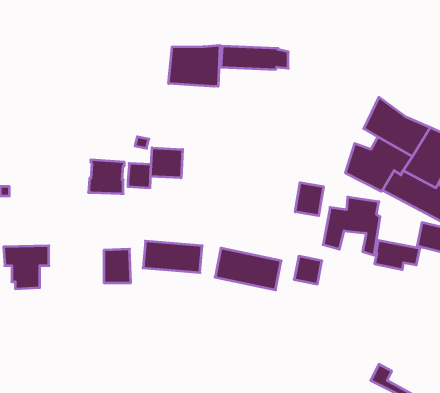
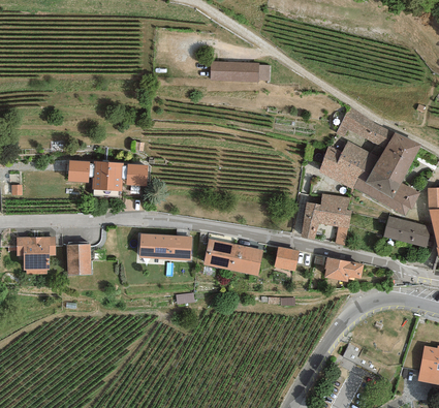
building: [169,45,220,86] -> none
building: [151,148,183,178] -> none
building: none -> [67,160,90,182]
building: [295,183,323,216] -> none
building: [375,240,420,270] -> [323,256,364,282]
building: [104,249,131,283] -> [67,244,91,274]

